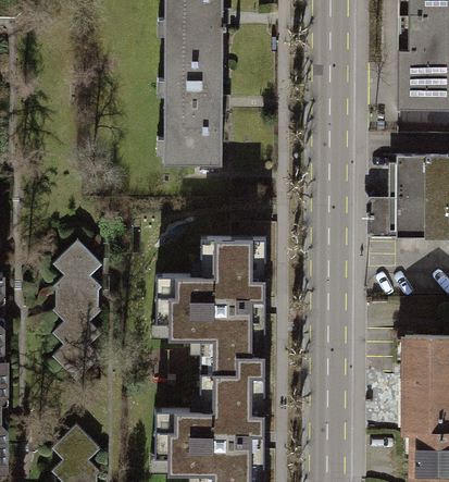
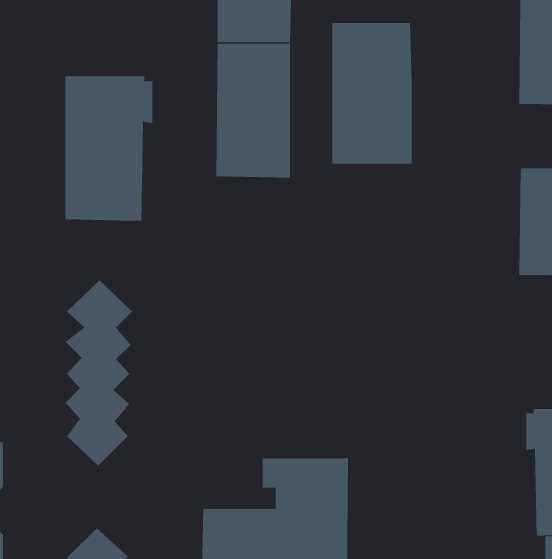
building: none -> [332,22,412,165]
building: none -> [65,76,153,222]
building: [155,239,264,374] -> none

